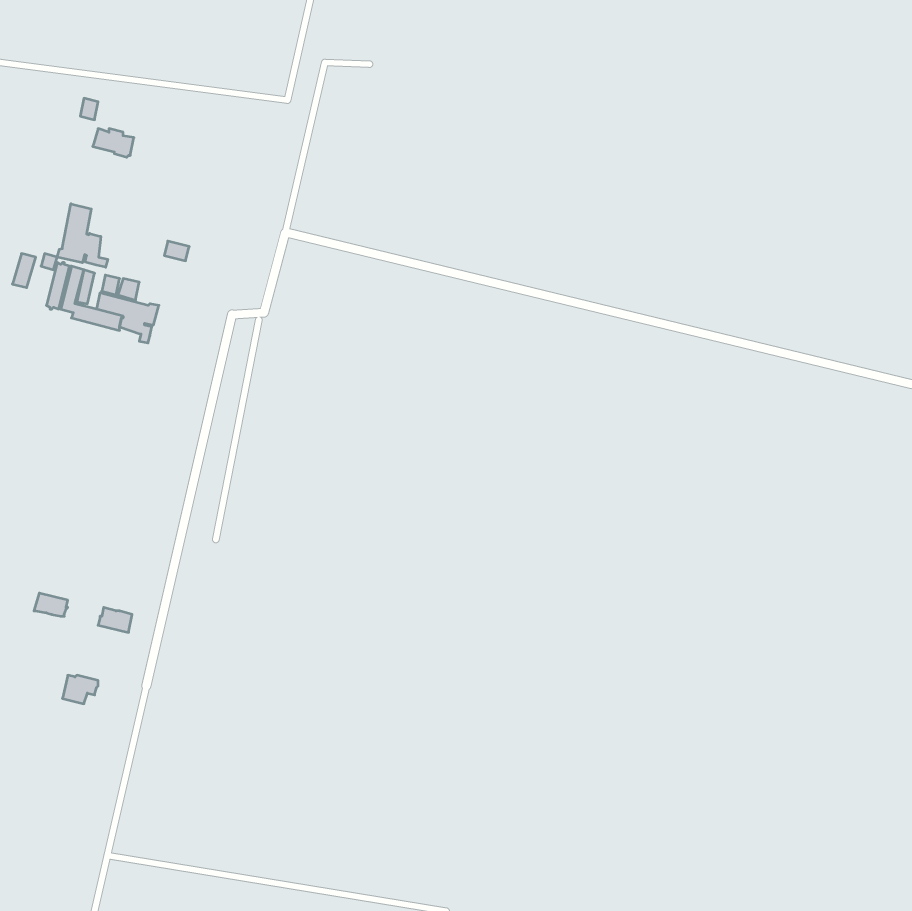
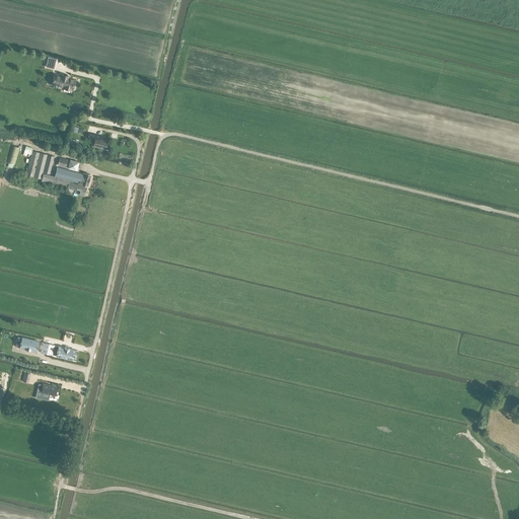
building: [57,204,108,267] -> none

